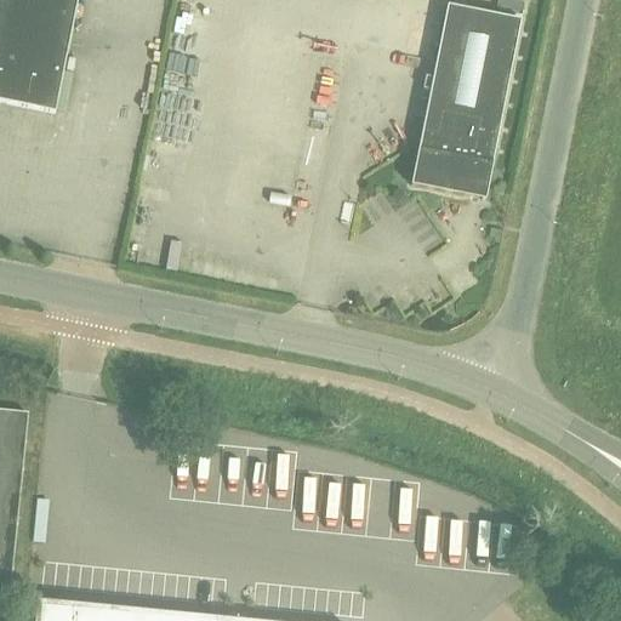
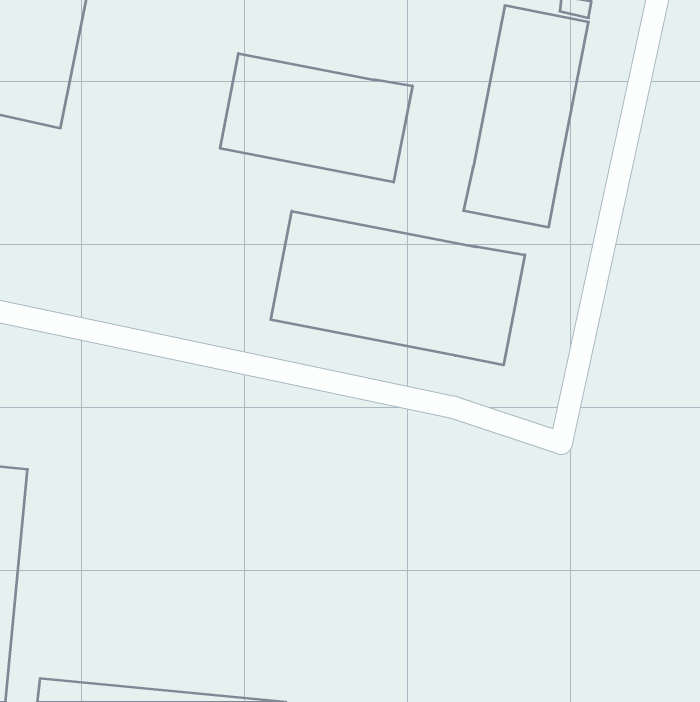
building: none -> [220,53,412,182]
building: none -> [271,211,525,365]

